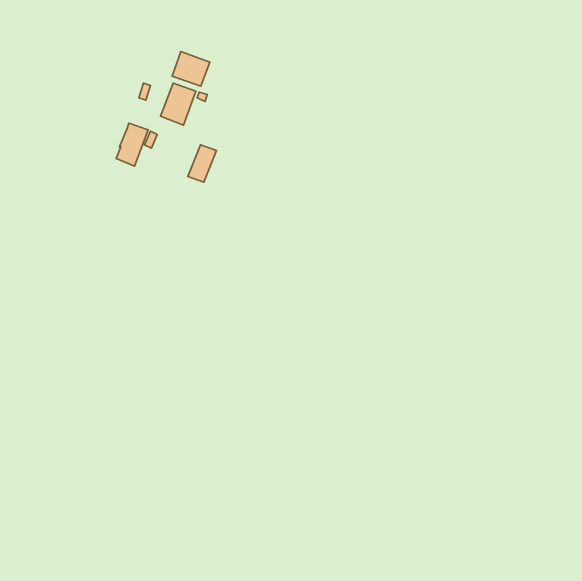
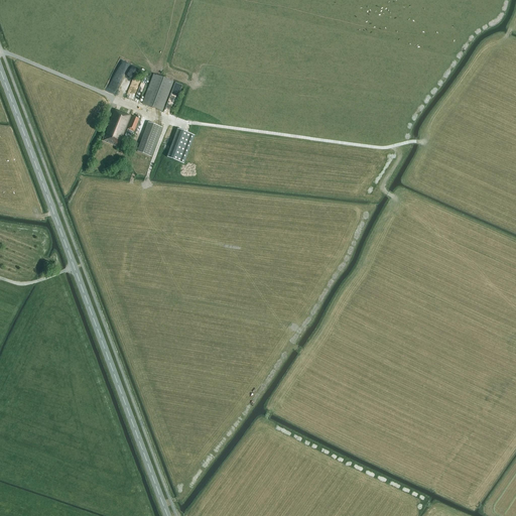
building: [172,52,210,86] -> none
building: none -> [137,122,162,156]

